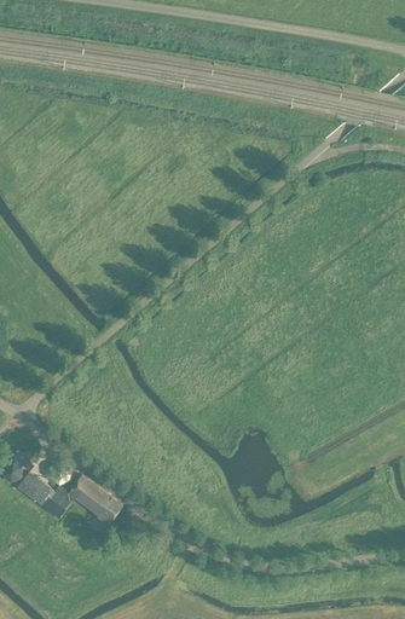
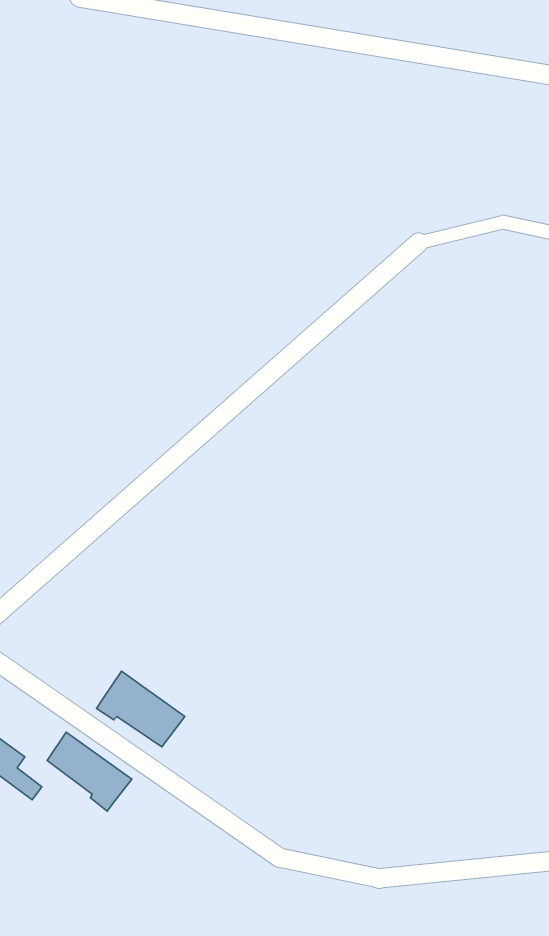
building: none -> [96,671,185,747]

